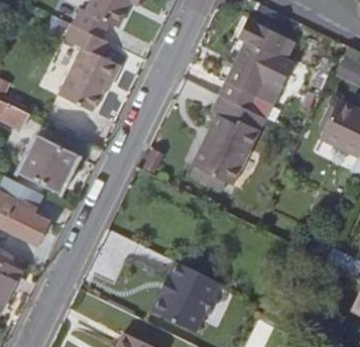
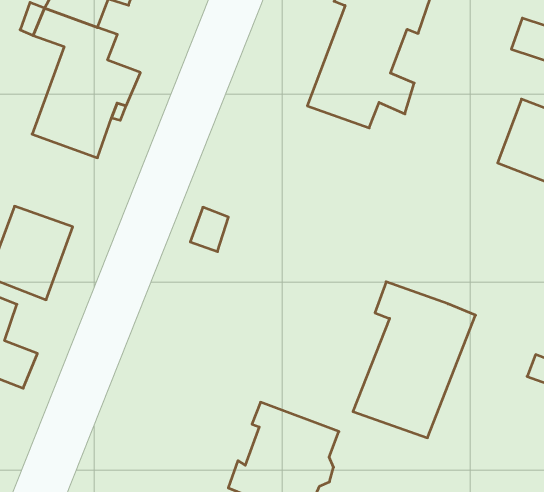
building: [191,95,266,187] -> [353,282,476,438]

